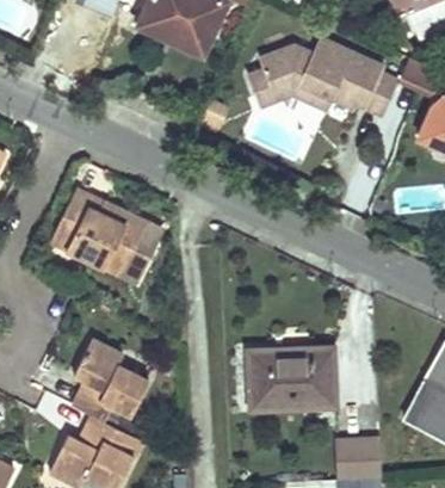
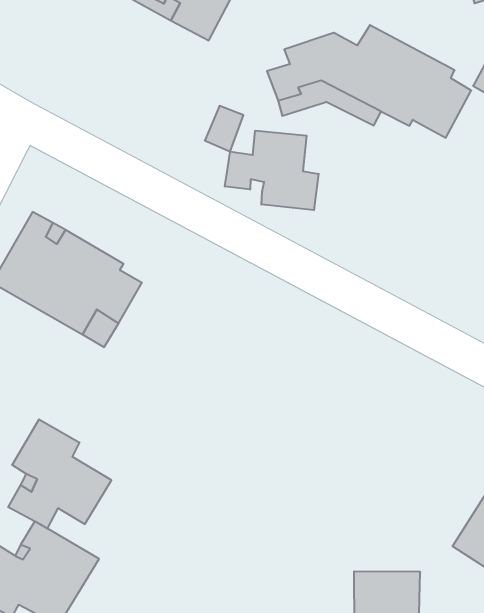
building: none -> [225,131,319,210]
building: [248,348,334,408] -> none

